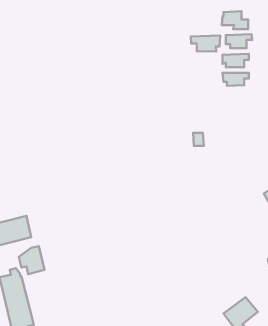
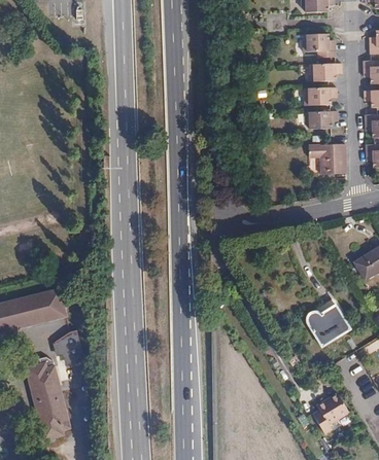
building: [191,36,220,52] -> none
building: none -> [309,144,346,174]
building: none -> [306,302,350,349]

